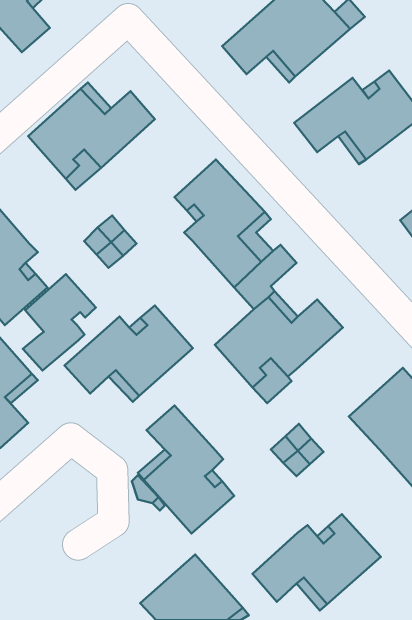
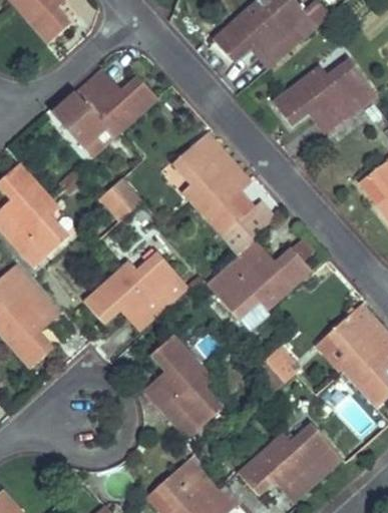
building: [23,274,96,371] -> none

